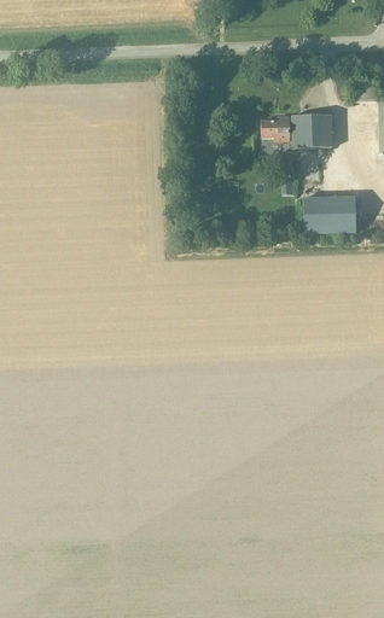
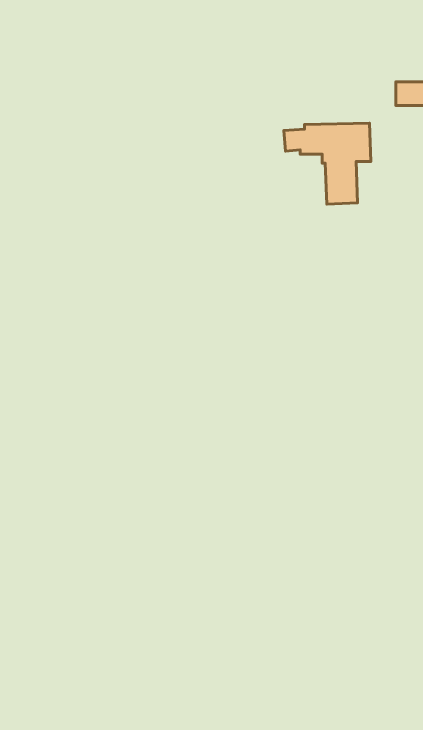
building: [303,194,356,232] -> none

